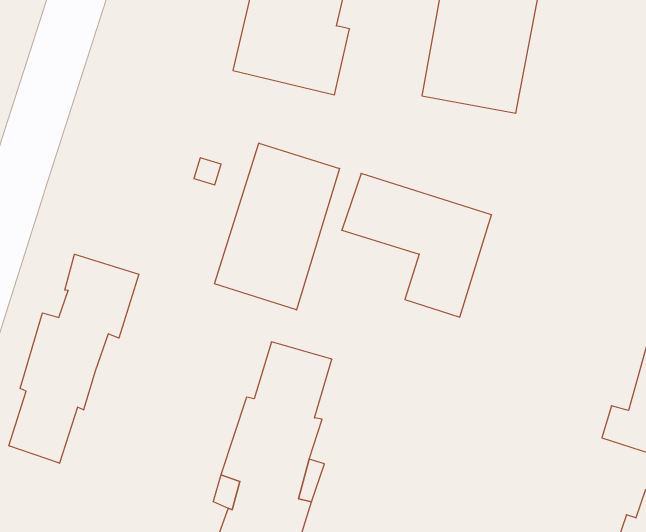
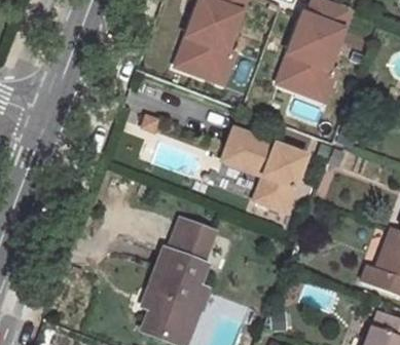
building: [214,143,340,310] -> none
building: [9,254,139,463] -> none

